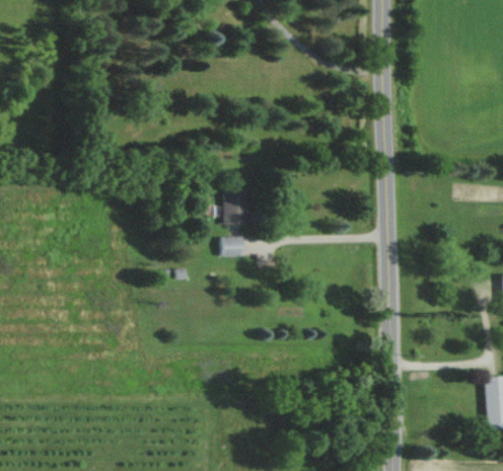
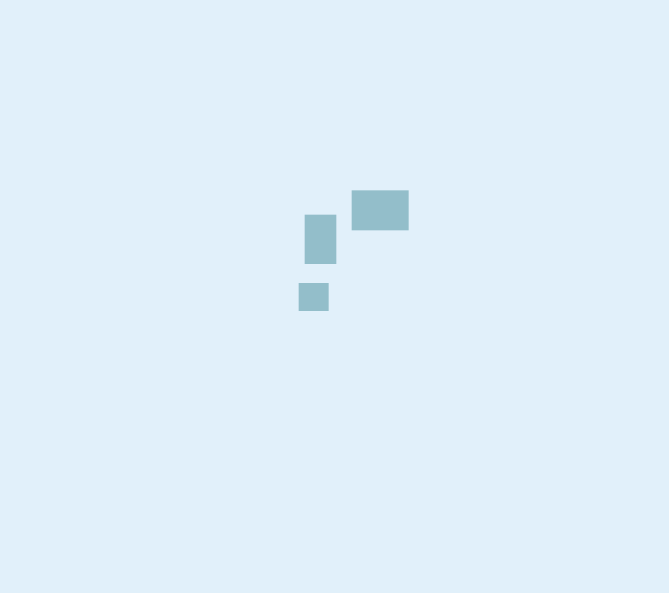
building: none -> [351,189,409,231]

